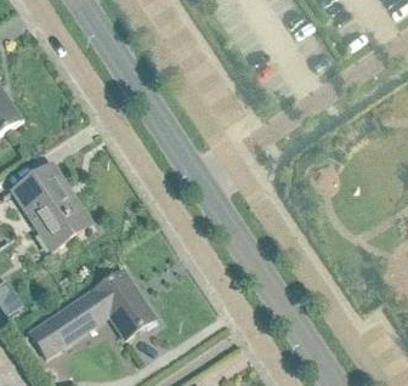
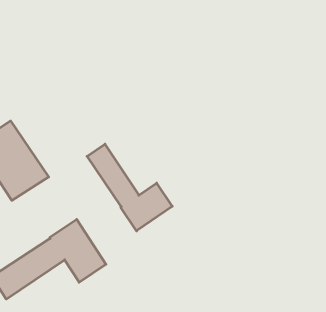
building: none -> [87,144,172,231]

